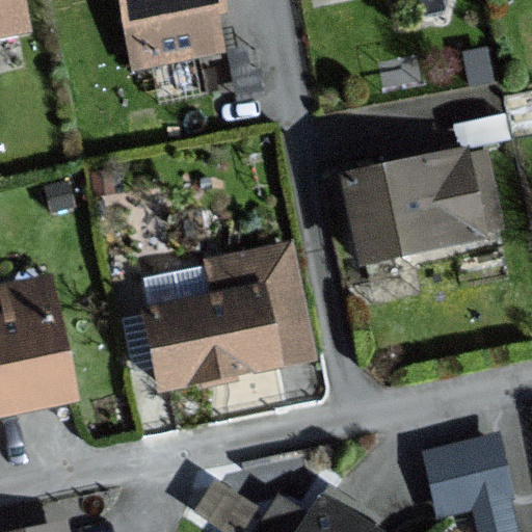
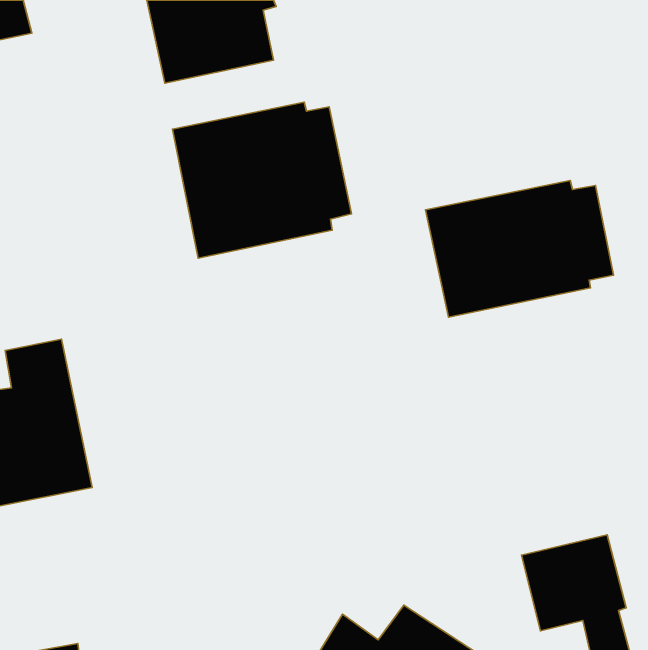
building: none -> [172,102,351,258]
building: [149,247,312,387] -> none

